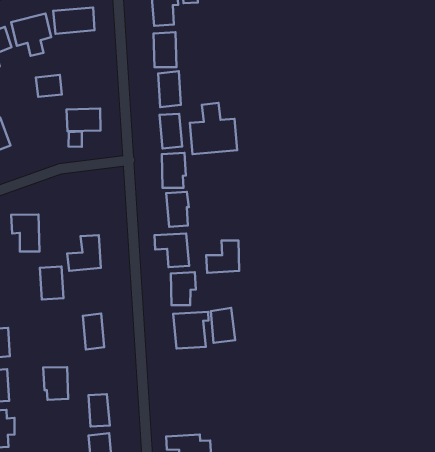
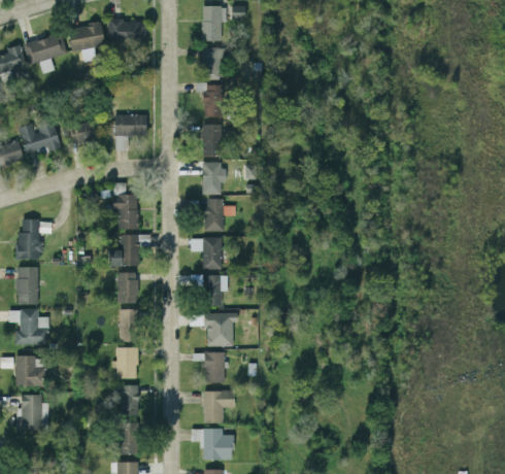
building: [36,75,62,97] -> [71,123,95,142]
building: [190,103,237,154] -> none
building: [11,214,39,251] -> [112,194,138,230]
building: [206,241,239,273] -> none
building: [40,267,63,299] -> [116,273,137,303]
building: [211,308,235,343] -> [203,351,225,383]
building: [43,367,68,400] -> [114,347,137,378]
building: none -> [203,391,234,424]

